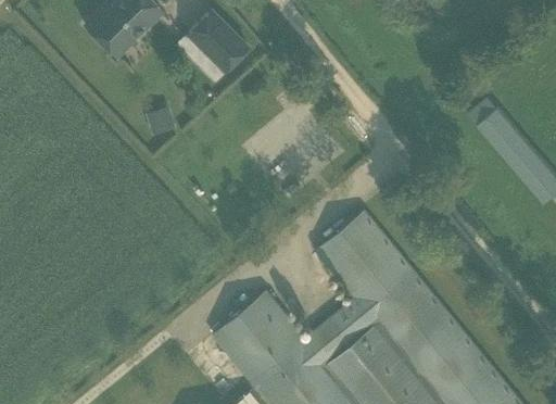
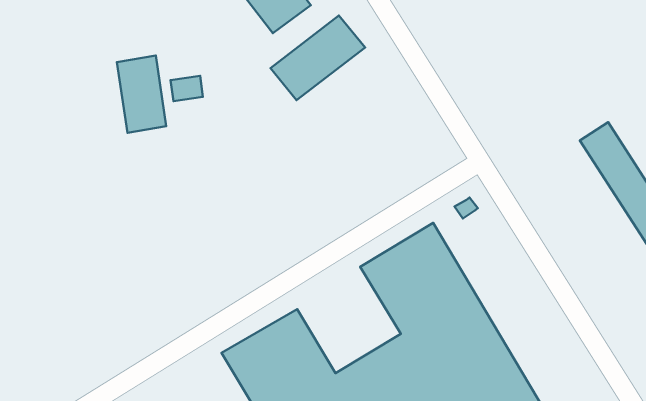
building: none -> [271,16,365,100]
building: none -> [117,55,166,133]

